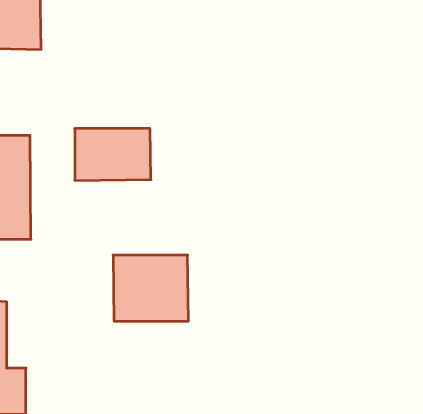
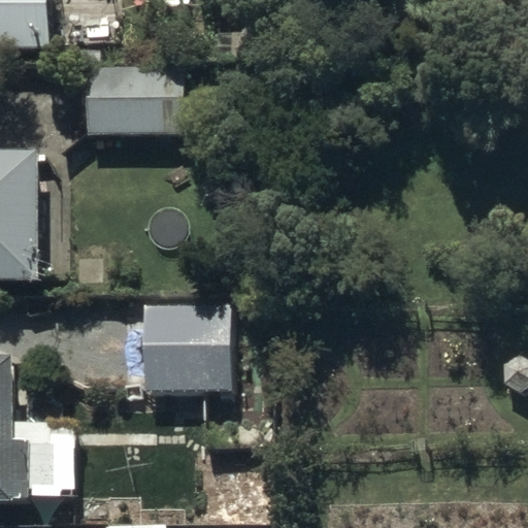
building: [75,129,151,180] -> [86,78,179,142]

